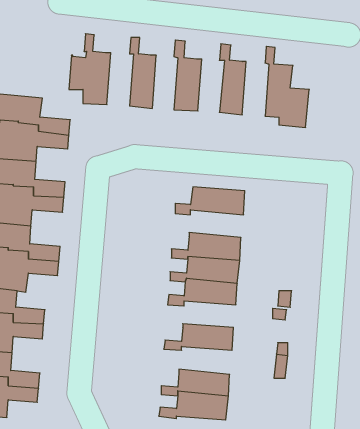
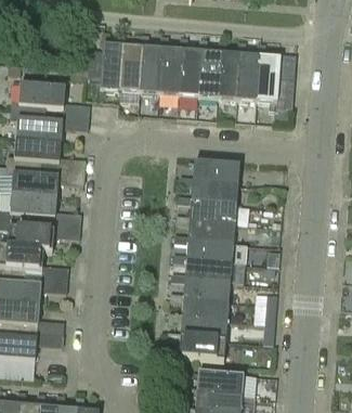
building: none -> [120,33,144,92]
building: none -> [159,35,182,95]
building: none -> [198,38,222,98]
building: none -> [237,40,260,101]
building: none -> [178,181,238,205]
building: none -> [172,259,232,282]
building: none -> [169,298,229,322]

